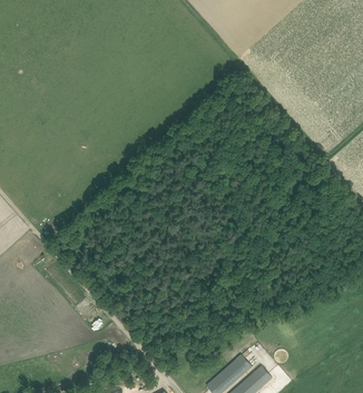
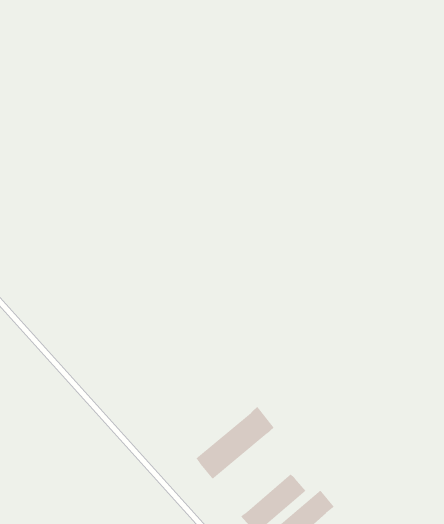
building: none -> [195,406,274,480]

